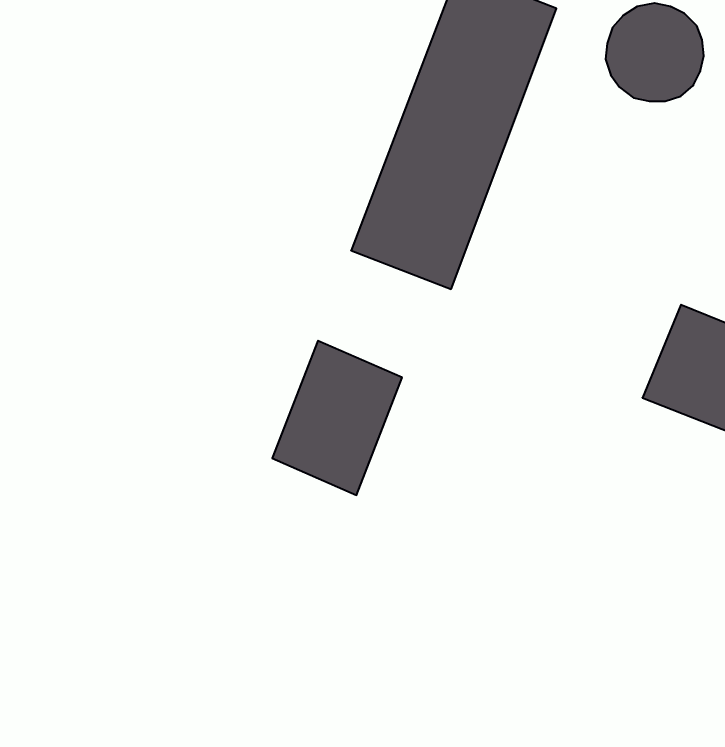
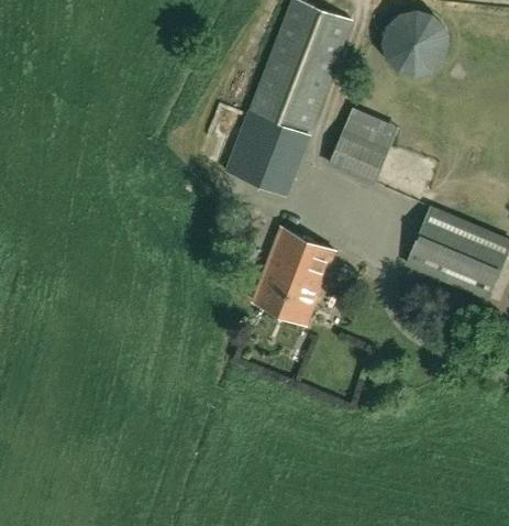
building: none -> [327,107,398,186]
building: [272,341,402,495] -> [253,228,334,325]

